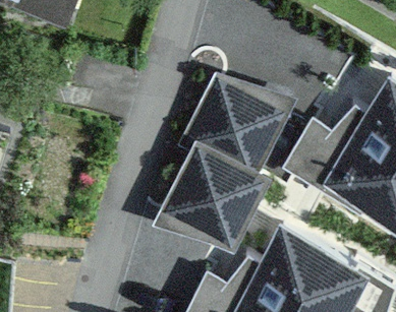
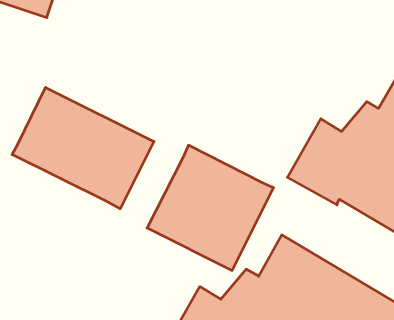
building: [179,73,295,176] -> none
building: none -> [12,87,154,209]

